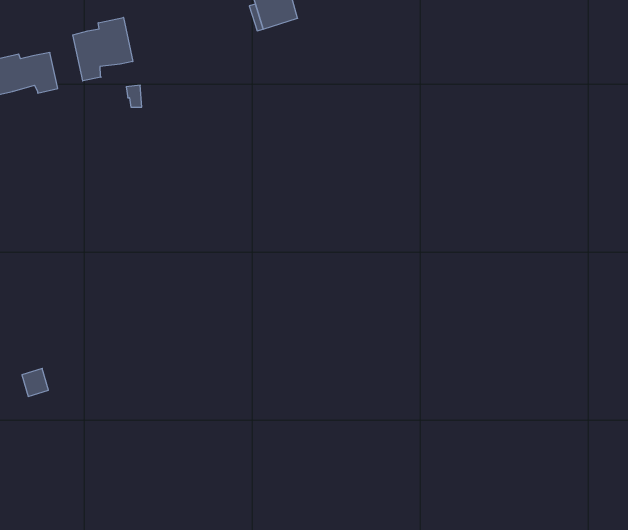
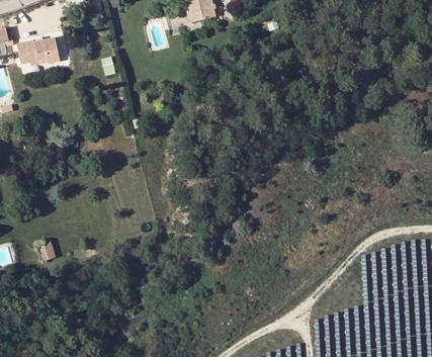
building: [73,17,133,81] -> none

